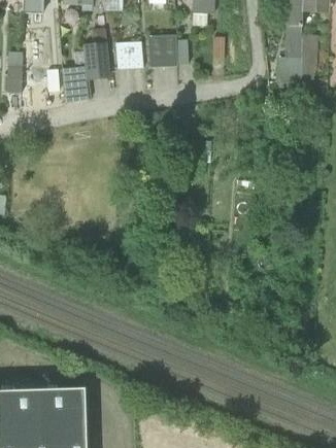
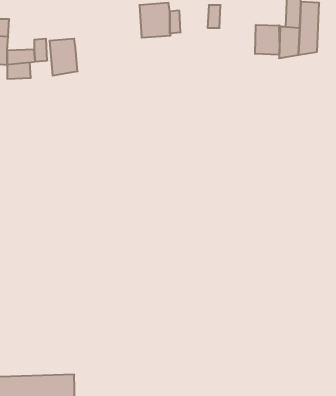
building: [115,41,143,68] -> none
building: [83,42,110,76] -> none
building: none -> [255,25,280,55]

